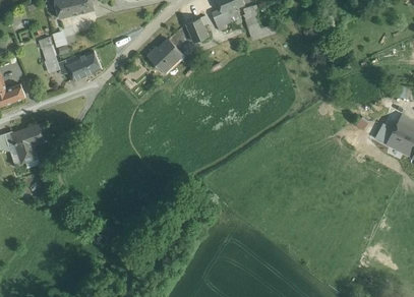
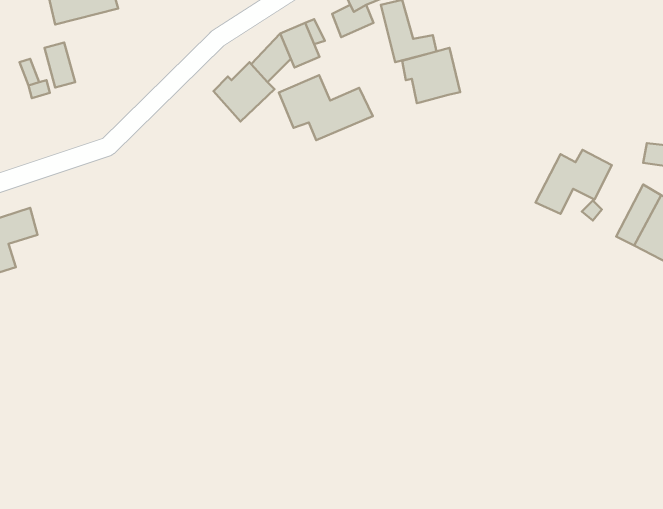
building: none -> [402,48,460,103]
building: none -> [279,75,373,140]
building: [64,52,100,81] -> none
building: none -> [536,150,612,214]

